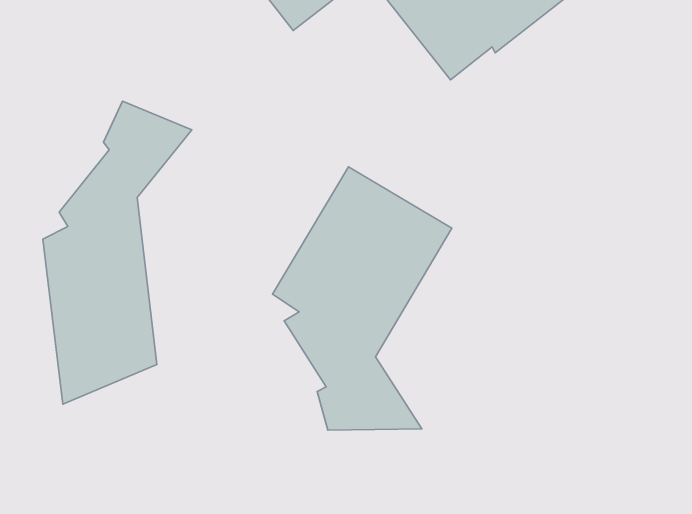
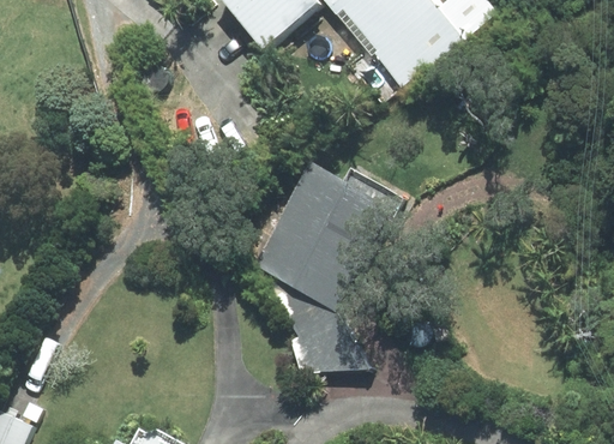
building: [43,101,192,404] -> none

